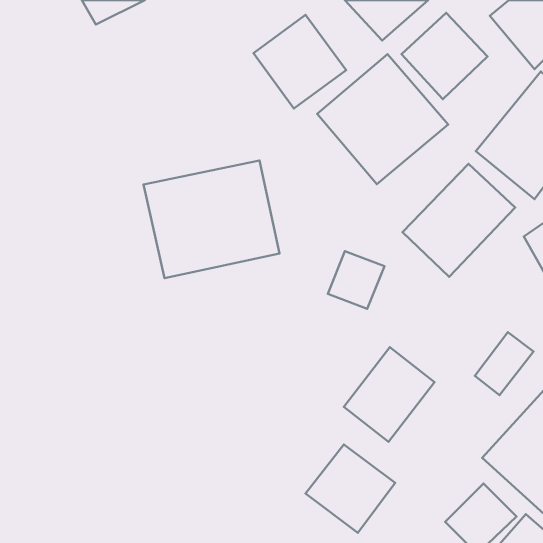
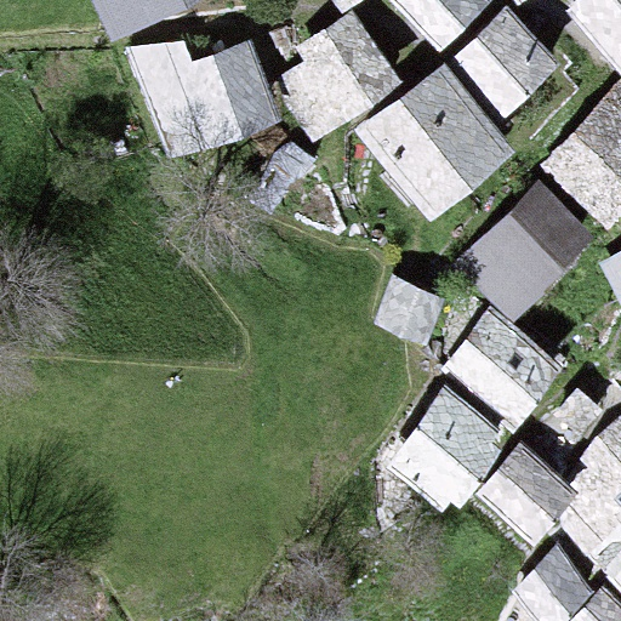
building: none -> [139,25,283,147]
building: [144,160,280,278] -> none
building: none -> [451,319,556,421]
building: [306,444,395,533] -> [471,444,572,545]

